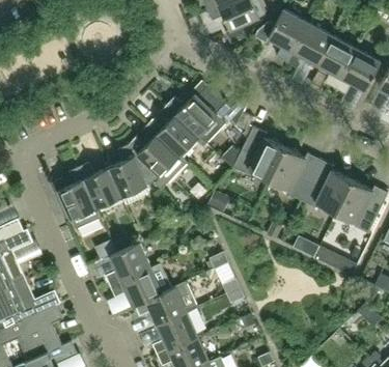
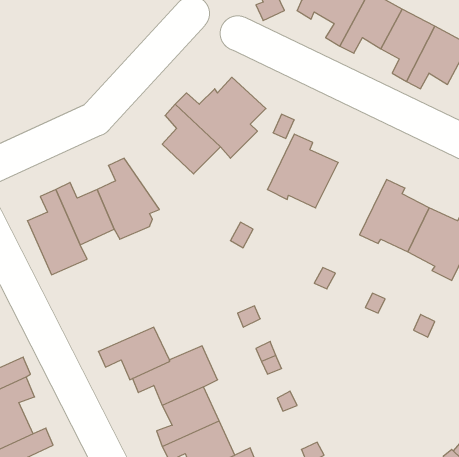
building: [129,135,188,191] -> none
building: [269,148,321,201] -> none
building: [105,243,150,286] -> none

